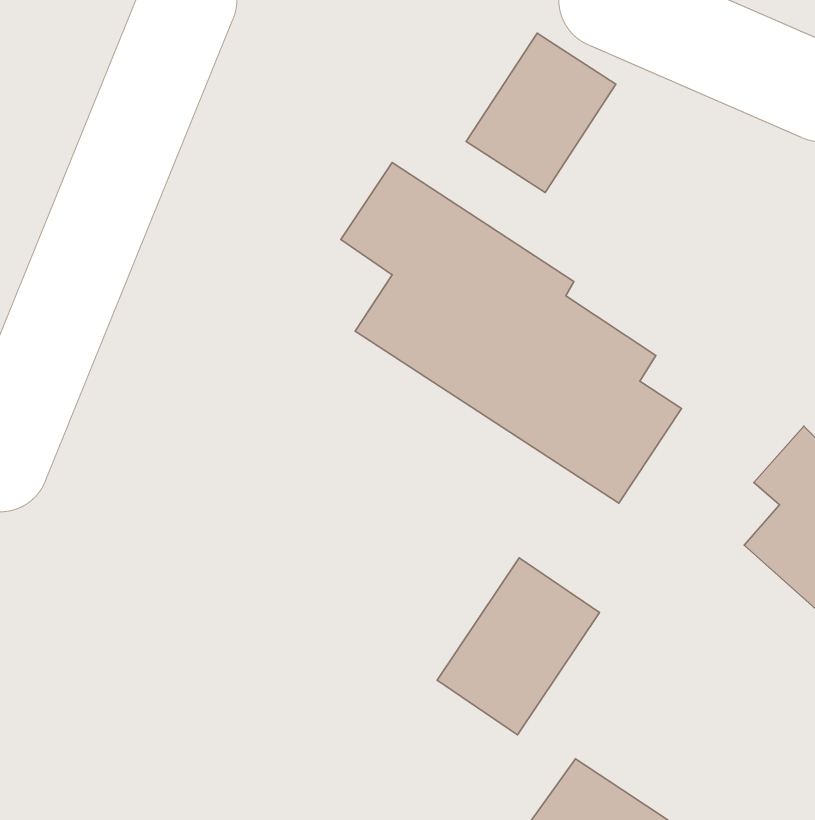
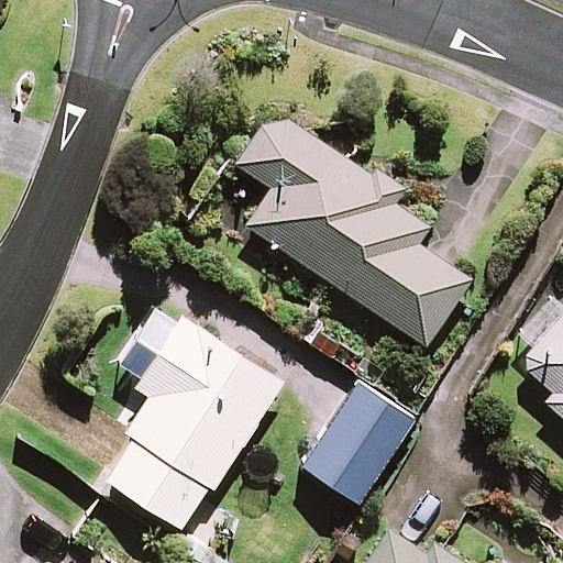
building: [466,33,616,192] -> none
building: none -> [109,319,282,531]

